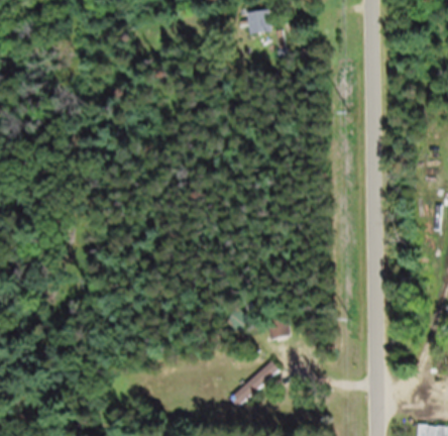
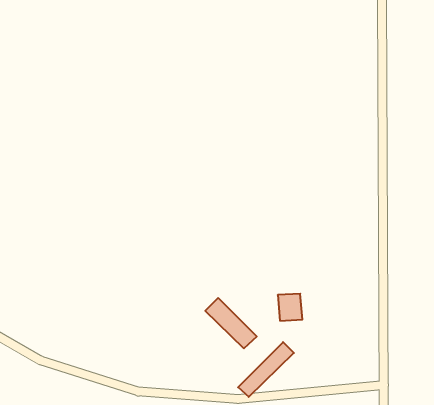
building: none -> [205,298,257,348]

